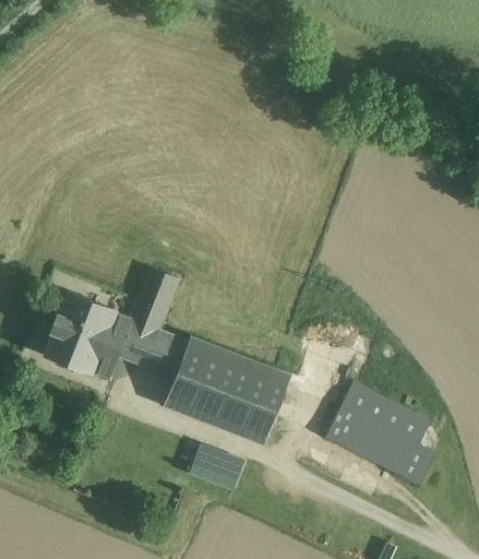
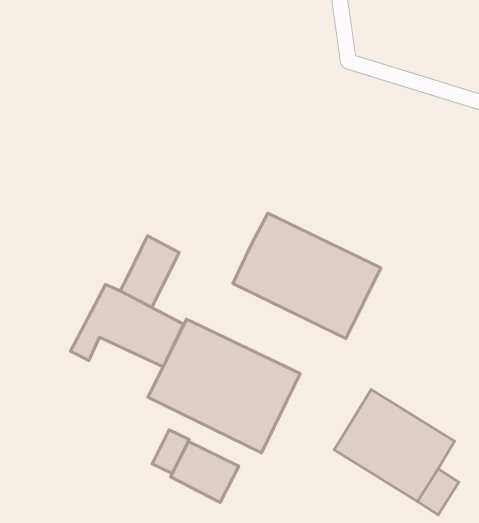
building: none -> [233,213,381,338]
building: [47,293,118,373] -> none
building: none -> [152,430,189,473]

